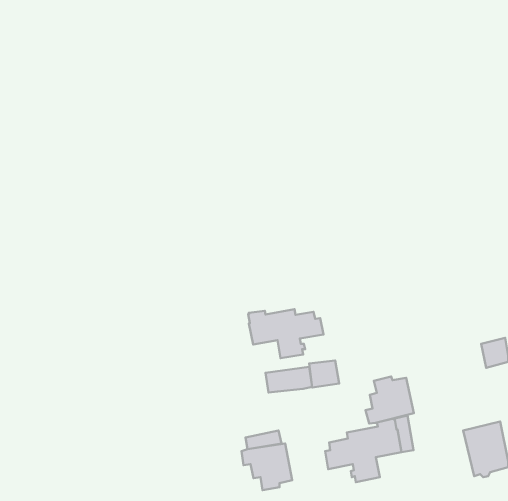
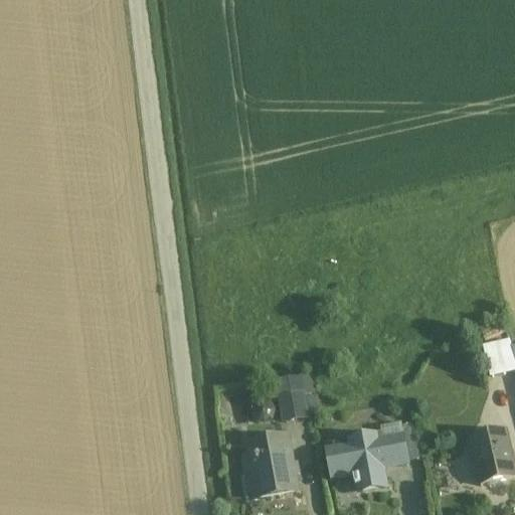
building: [248,309,323,358] -> none
building: [309,361,339,387] -> [281,393,311,420]
building: [366,377,414,423] -> none

